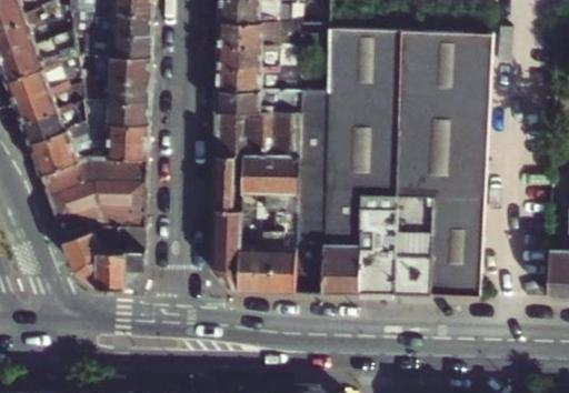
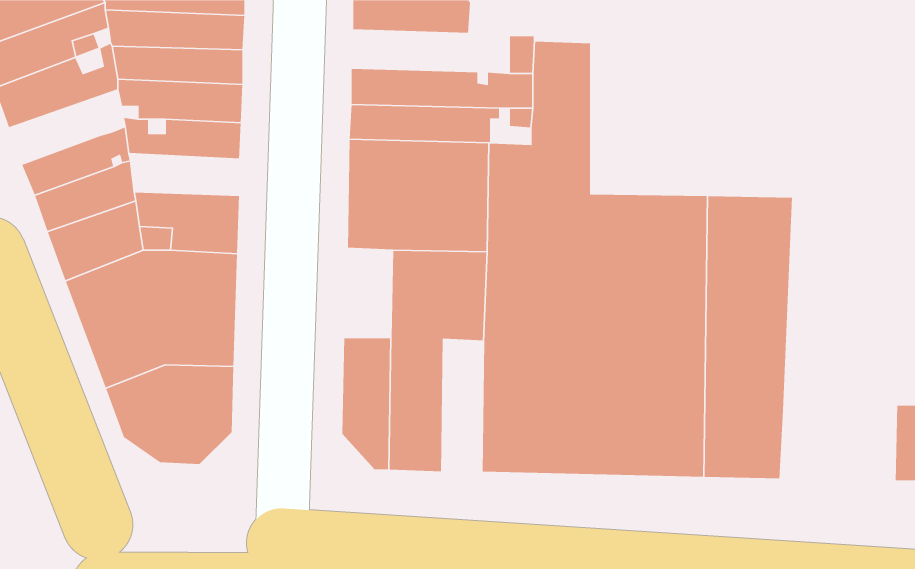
building: [216,23,295,49] -> none
building: [362,31,491,125] -> none
building: [7,60,78,105] -> none
building: [80,99,148,124] -> none
building: [211,157,241,211] -> none
building: [271,212,297,293] -> none

